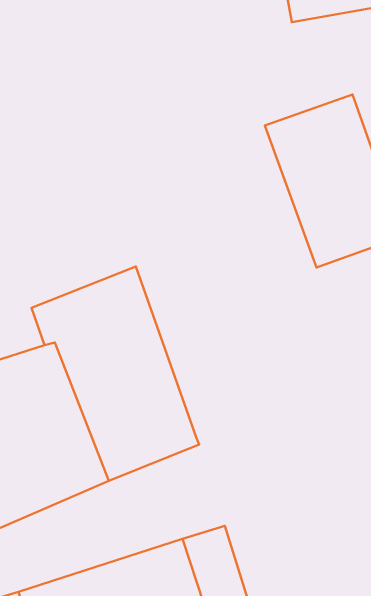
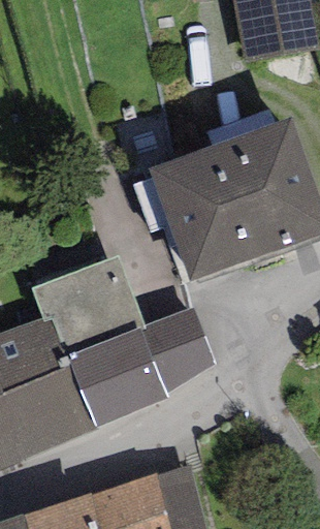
building: none -> [150,143,260,281]
building: none -> [140,306,214,393]

